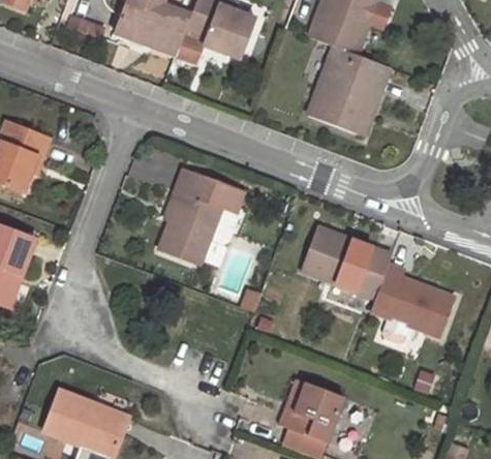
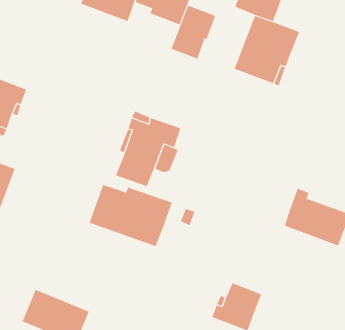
building: none -> [171,5,216,60]
building: [300,227,391,297] -> none
building: none -> [89,184,173,247]

